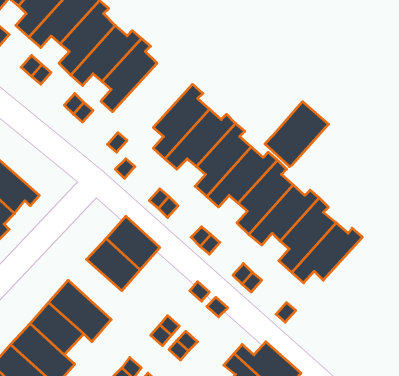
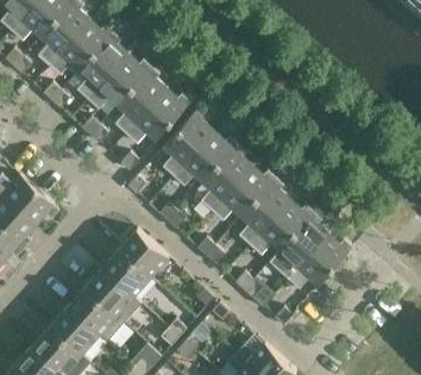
building: none -> [126,89,190,144]
building: [265,102,329,167] -> none
building: none -> [86,268,142,323]

